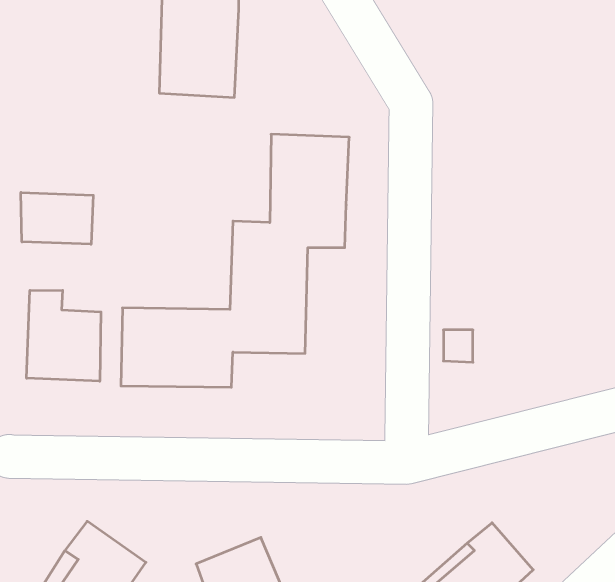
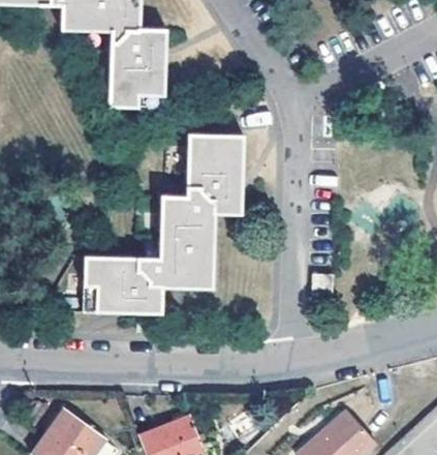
building: [21,192,93,244] -> none
building: [27,290,101,381] -> none

